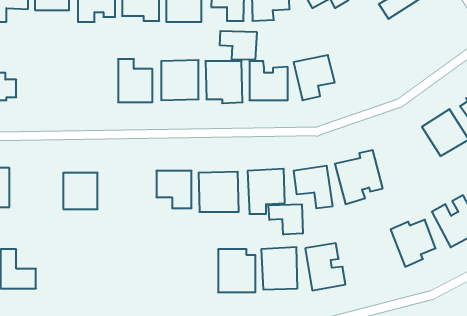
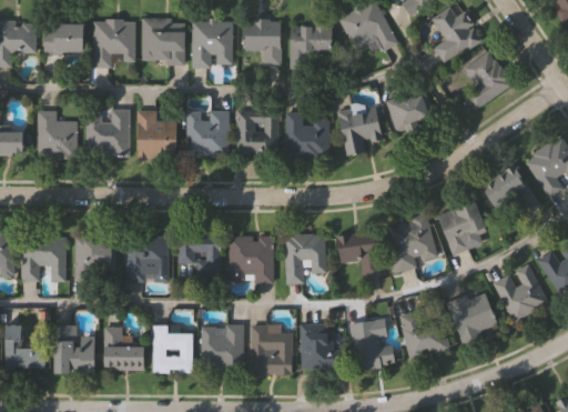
building: none -> [464,51,513,111]
building: [220,31,257,60] -> none
building: none -> [385,88,435,134]
building: none -> [85,110,130,158]
building: none -> [38,111,78,160]
building: none -> [436,202,486,257]
building: none -> [22,238,65,282]
building: none -> [126,238,170,283]
building: [269,204,303,235] -> none
building: none -> [397,305,449,360]
building: none -> [201,325,243,369]
building: none -> [53,326,94,374]
building: none -> [103,328,144,372]
building: none -> [154,328,193,374]

